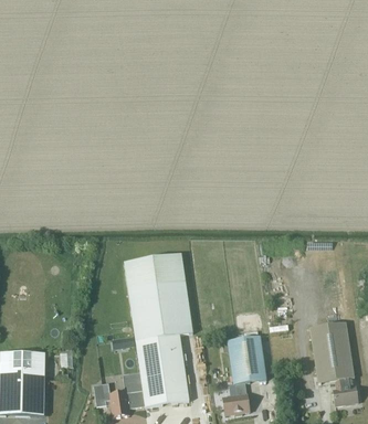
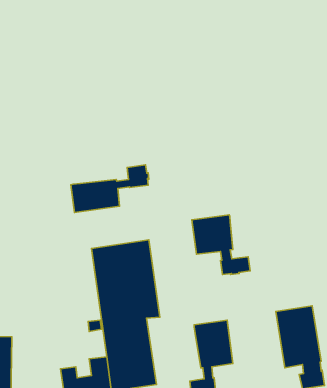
building: none -> [71,165,149,212]
building: none -> [192,215,250,274]

